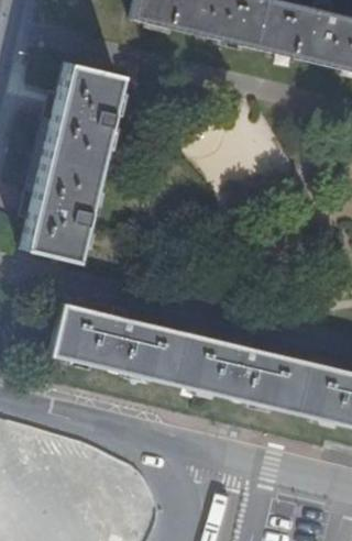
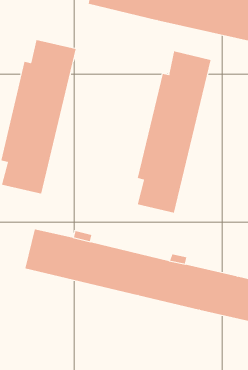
building: none -> [137,50,211,214]

